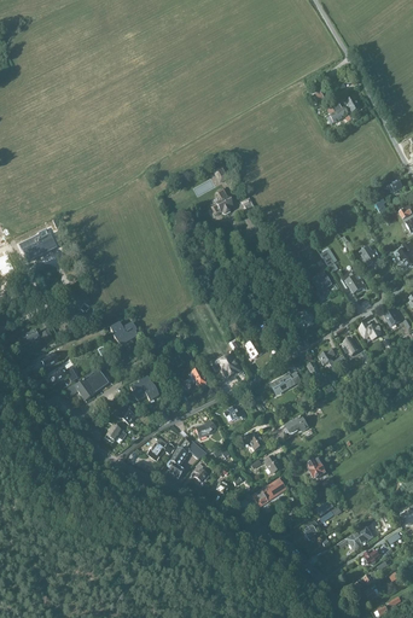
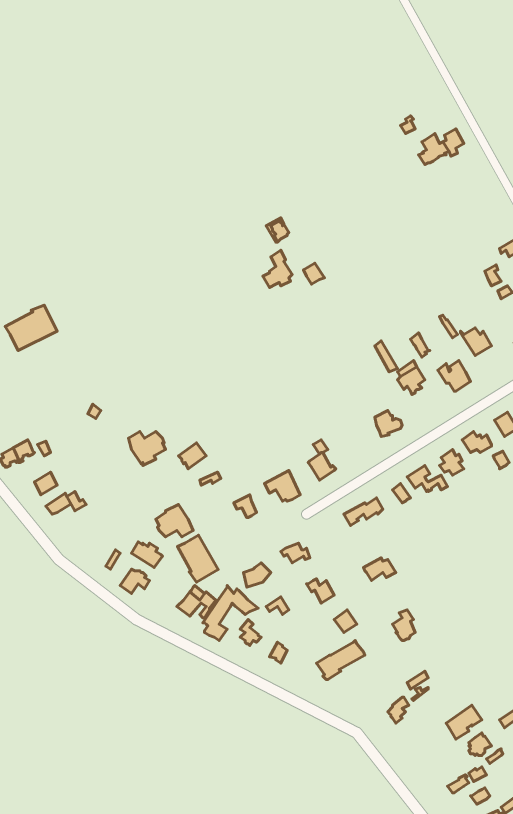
building: [68,369,110,401] -> none
building: none -> [178,535,218,582]

